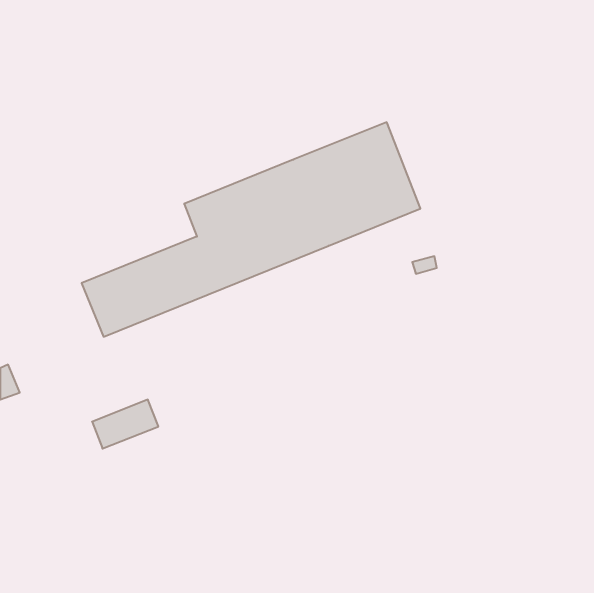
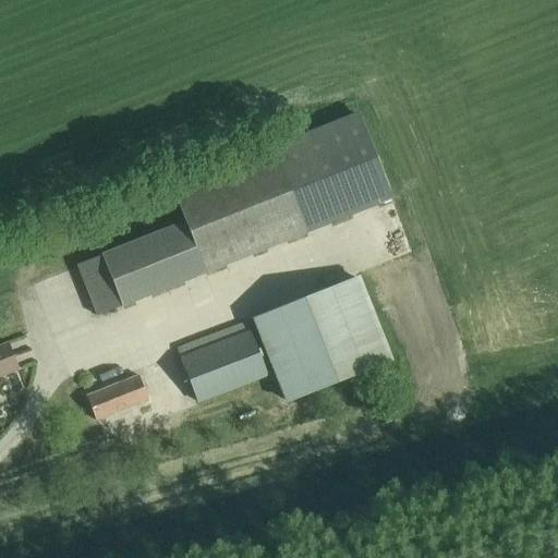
building: none -> [254,276,390,399]
building: none -> [180,331,268,401]

